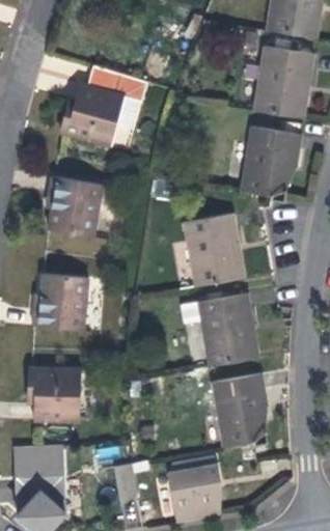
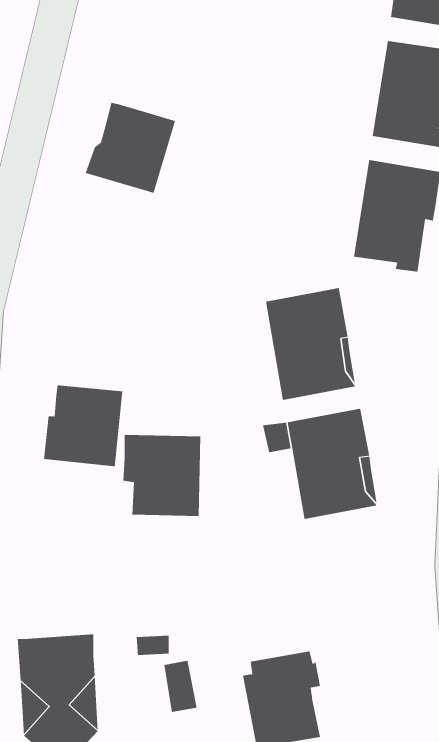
building: [87,68,146,105] -> none
building: [48,179,100,239] -> none
building: [27,368,80,423] -> [122,435,201,517]
building: [212,372,267,446] -> none

